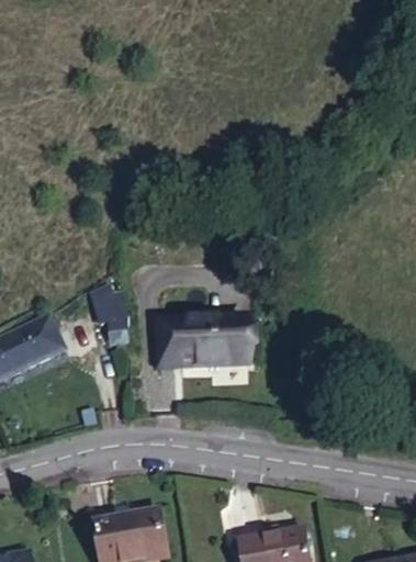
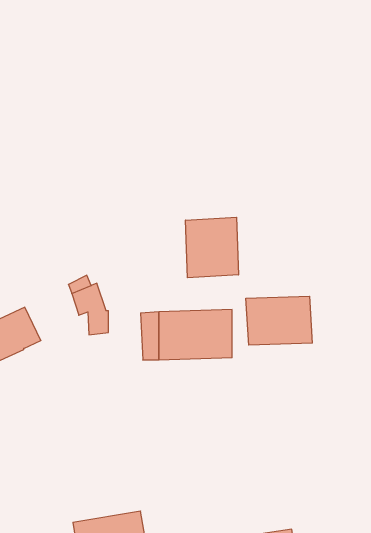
building: none -> [186,217,238,278]
building: none -> [246,296,312,345]

